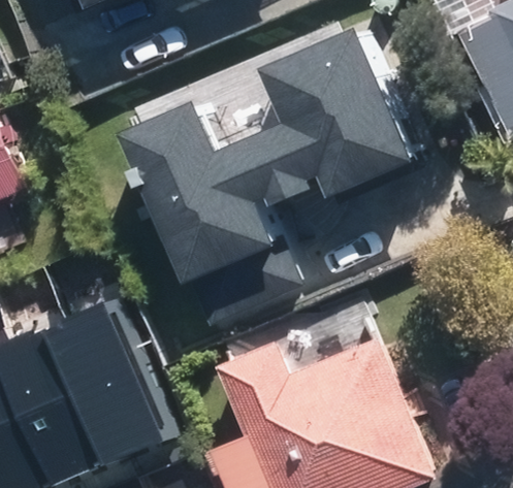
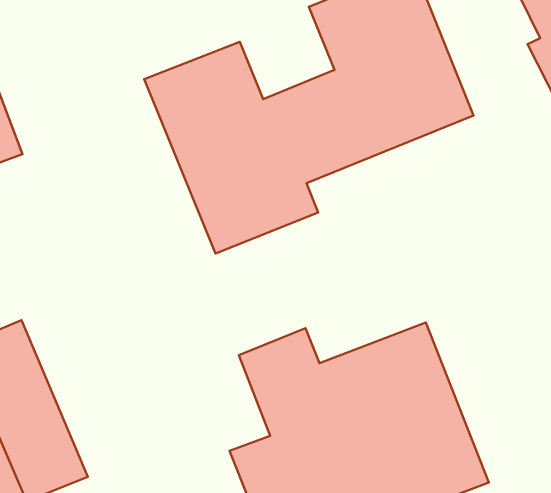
building: [28,307,147,470] -> none

